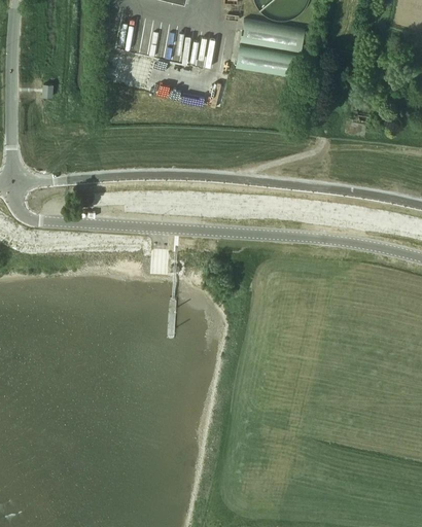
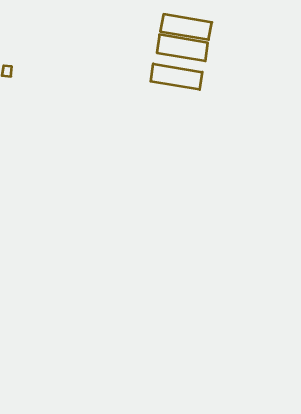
building: none -> [151,64,202,90]

